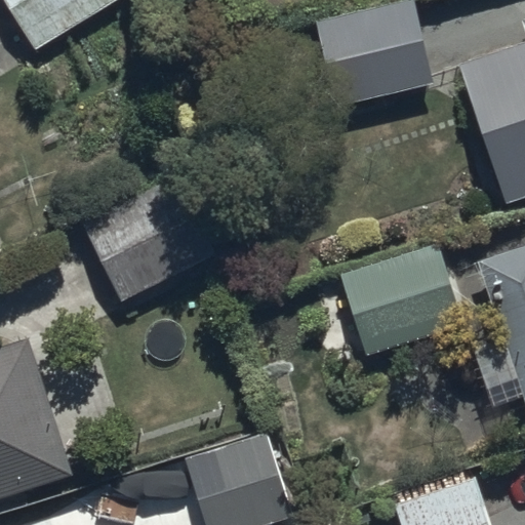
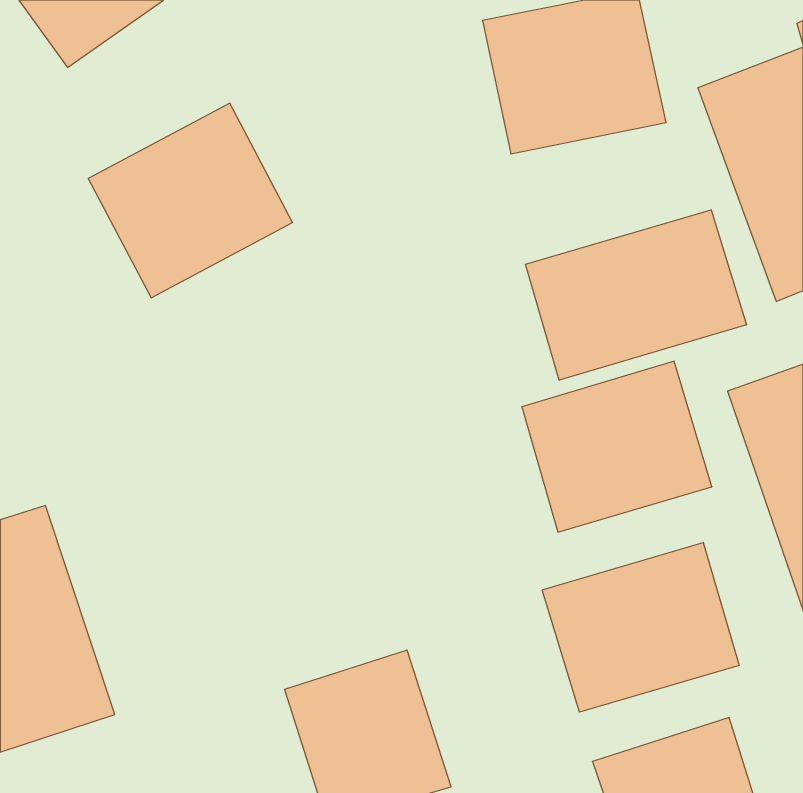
building: none -> [526,210,746,380]
building: [83,174,216,301] -> [88,103,293,298]
building: none -> [542,542,739,712]

